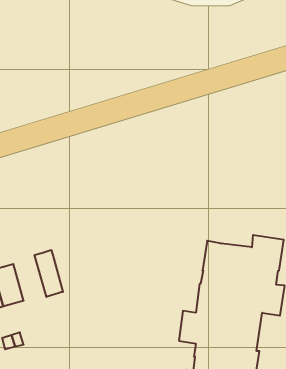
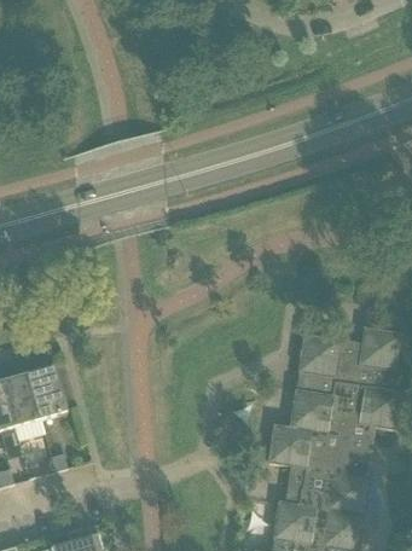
building: [35,250,63,297] -> none

